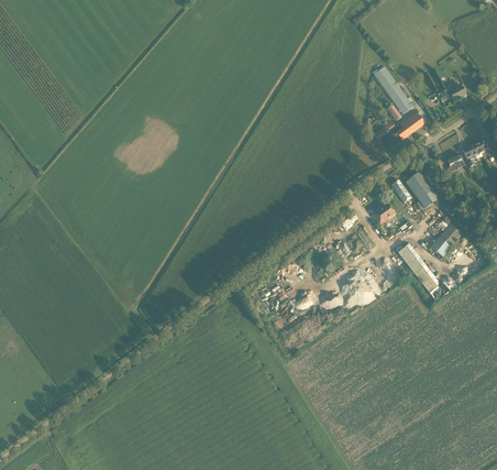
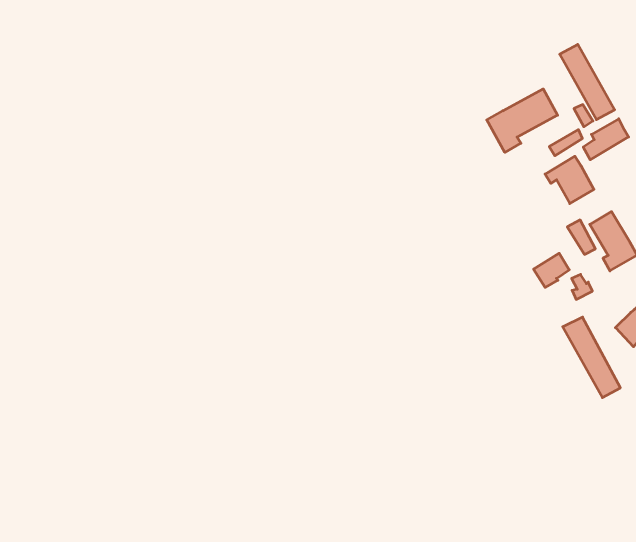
building: none -> [487,89,558,152]
building: none -> [545,156,594,204]

